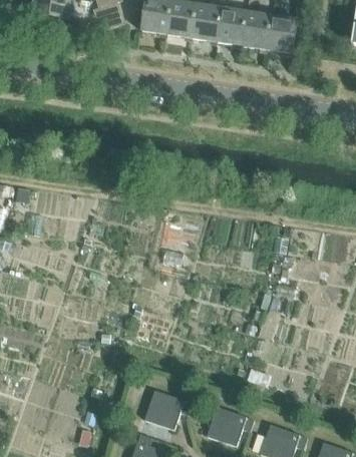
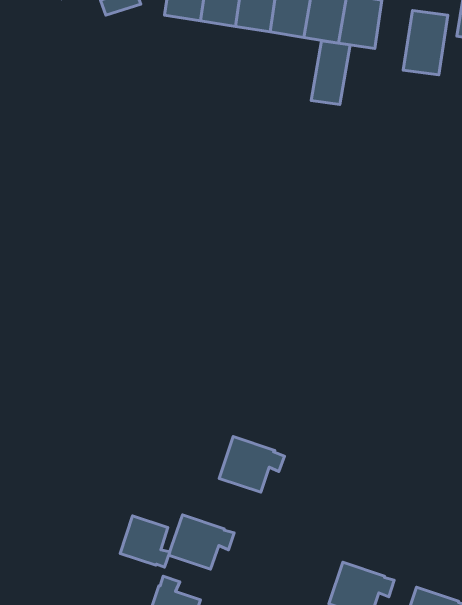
building: none -> [403,10,448,75]
building: none -> [311,41,350,105]
building: none -> [120,516,170,567]
building: [206,405,253,445] -> [219,437,285,492]

